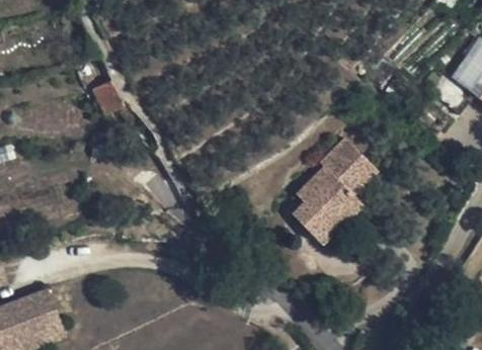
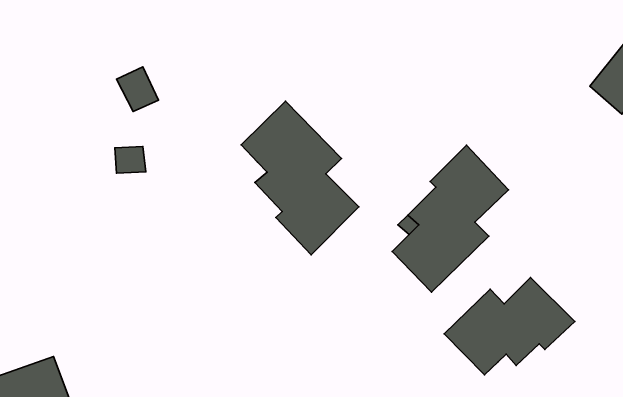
building: none -> [241,101,359,255]
building: none -> [444,277,575,375]

